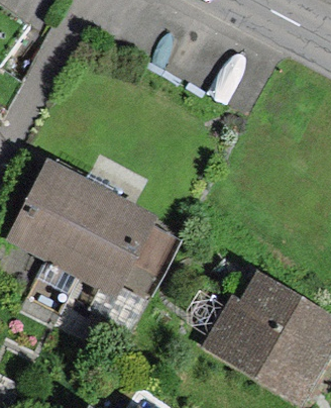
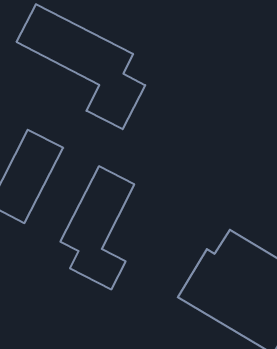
building: none -> [17,4,145,129]
building: [43,182,121,280] -> none

